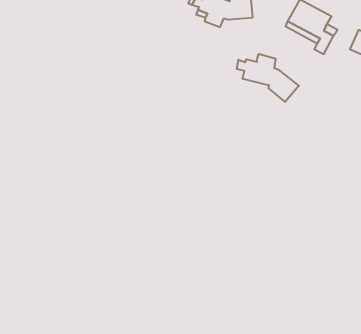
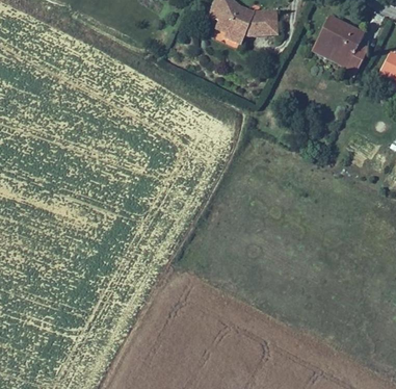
building: [237,54,299,102] -> none

